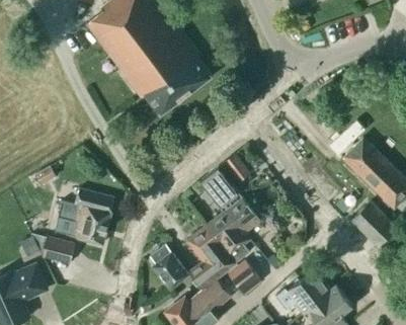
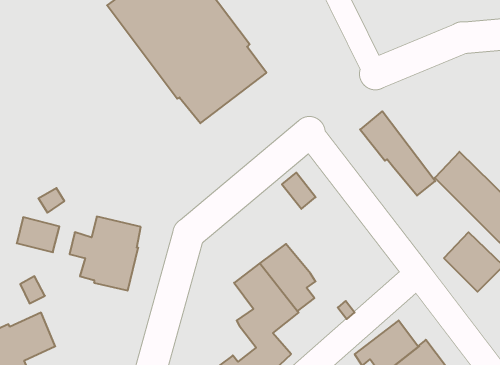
building: [201,167,260,233] -> [360,111,435,196]
building: [42,237,75,264] -> [17,217,59,252]
building: [151,244,190,289] -> none
building: [228,260,261,296] -> none

